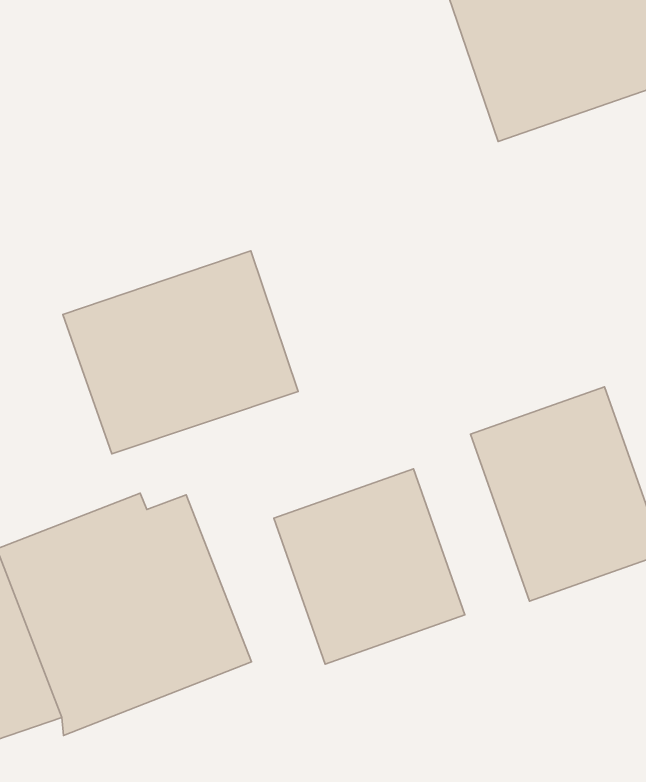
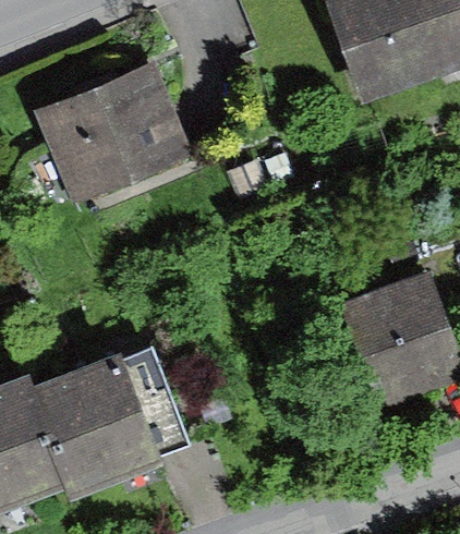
building: [63,251,298,454] -> [40,69,197,204]
building: [274,469,465,664] -> none

